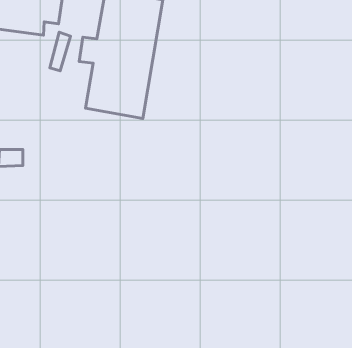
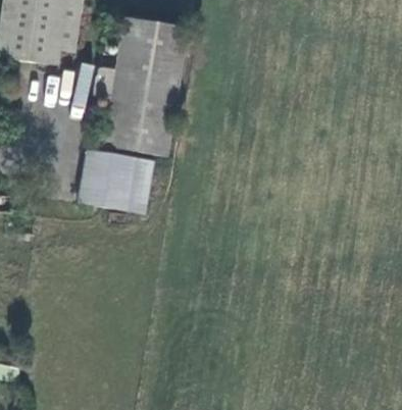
building: none -> [80,152,152,211]

